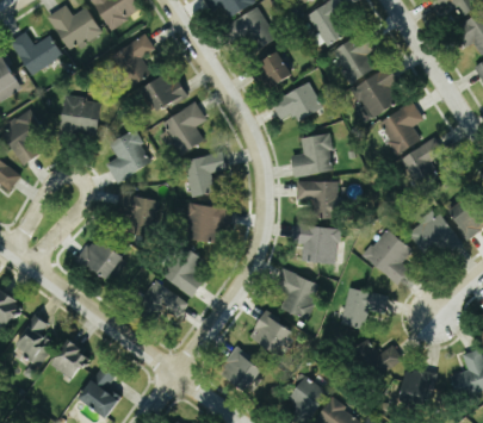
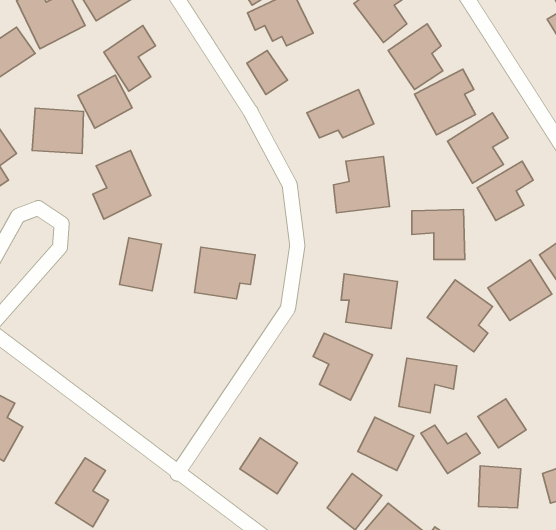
building: [260,50,291,83] -> [247,51,288,94]
building: [143,69,185,110] -> [78,75,132,128]
building: [162,101,205,153] -> none
building: [184,153,224,197] -> none
building: [296,180,336,218] -> [412,209,465,259]
building: [78,235,123,279] -> none
building: [160,244,203,297] -> none
building: [142,281,187,319] -> none
building: [248,312,291,353] -> [358,417,414,470]
building: none -> [478,399,526,448]
building: [49,341,87,379] -> none

